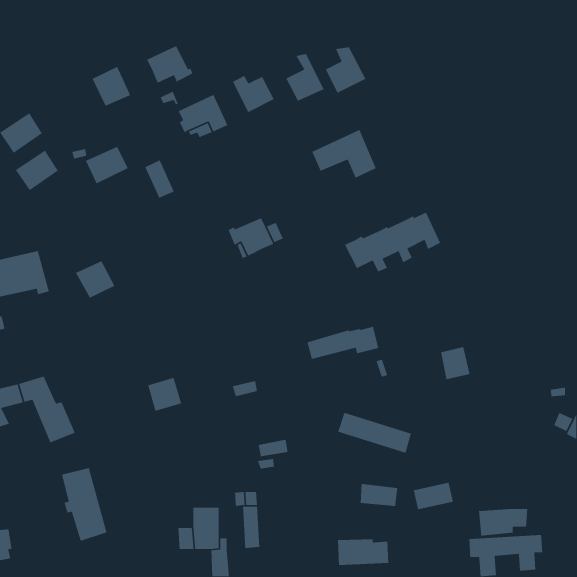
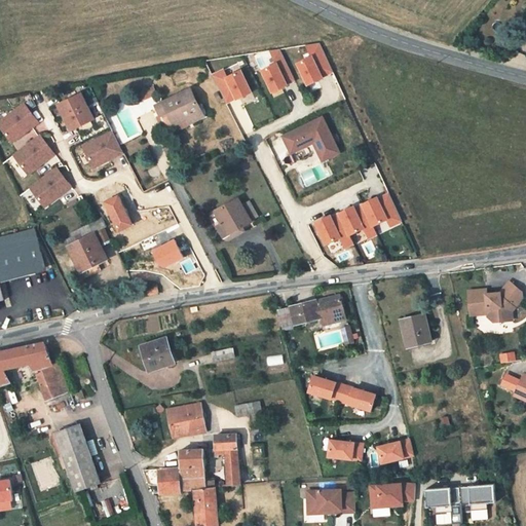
building: [146,45,194,84] -> none
building: [92,66,131,107] -> [57,91,92,128]
building: [144,159,175,199] -> [103,194,130,230]
building: none -> [28,168,69,208]
building: none -> [151,238,182,267]
building: none -> [467,280,520,321]
building: none -> [165,410,204,446]
building: [478,508,528,536] -> [369,483,414,509]

